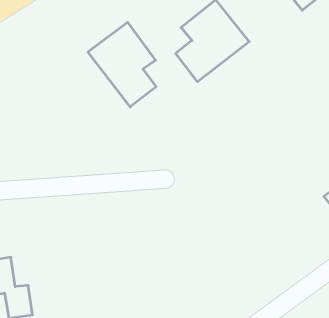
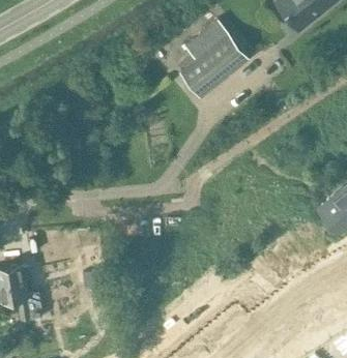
building: [88,22,156,107] -> none

